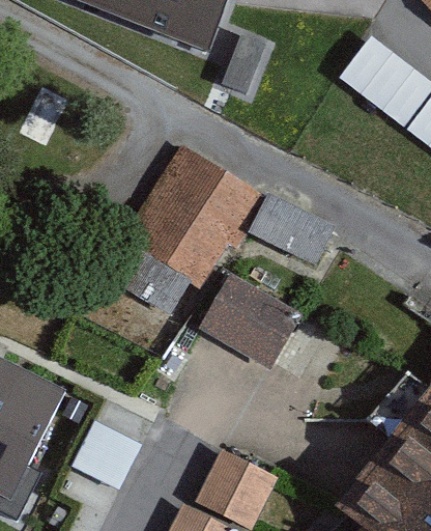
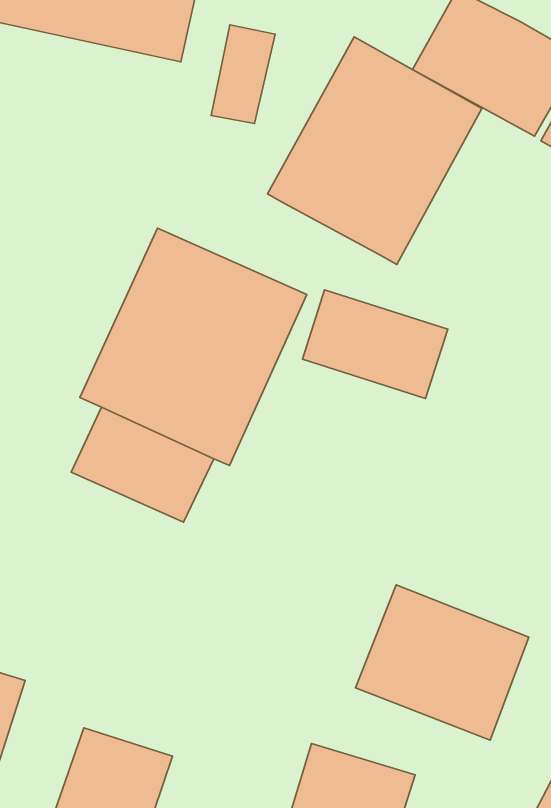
building: none -> [268,37,482,265]
building: [199,273,301,369] -> [356,585,529,740]

